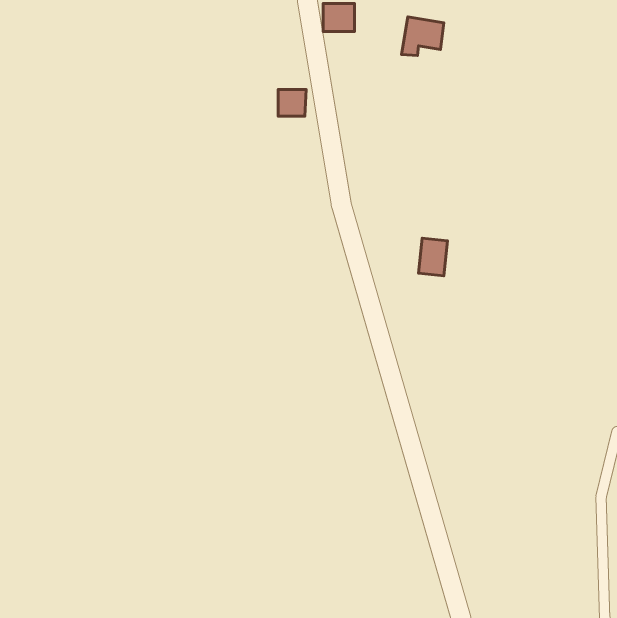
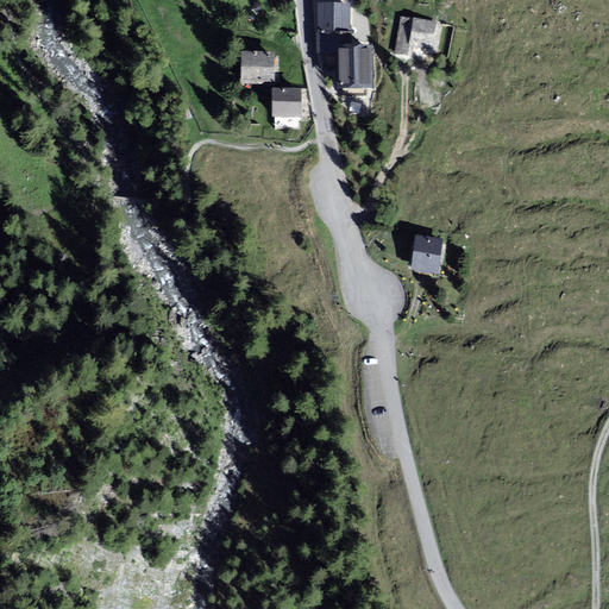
building: none -> [340,45,372,86]
building: none -> [243,51,276,83]

